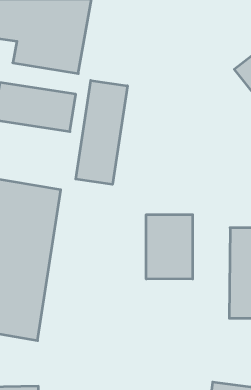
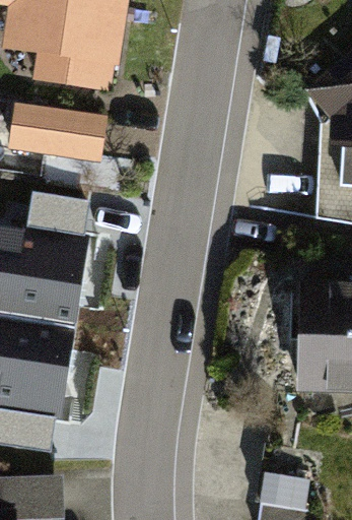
building: [76,80,127,184] -> none
building: [146,215,193,279] -> none

